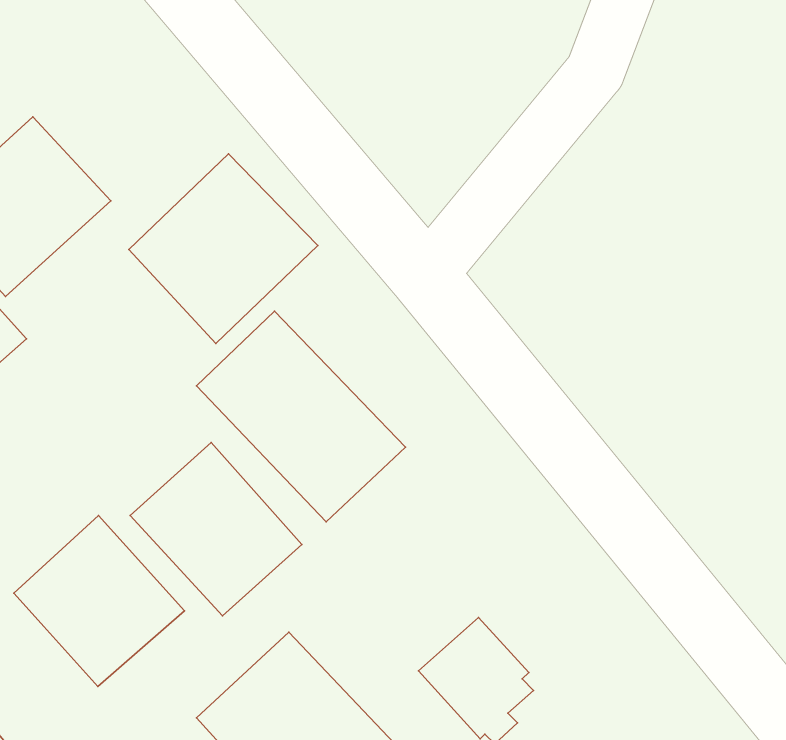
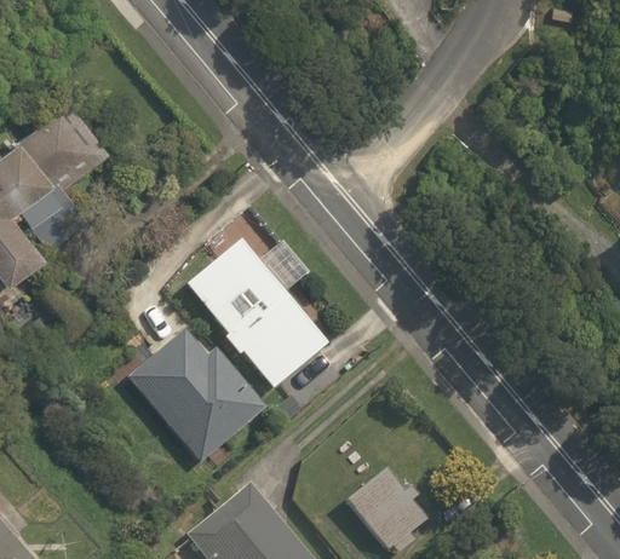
building: [129,154,318,343] -> none
building: [14,515,184,686] -> none

